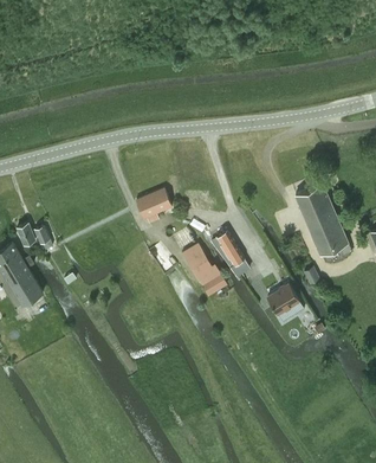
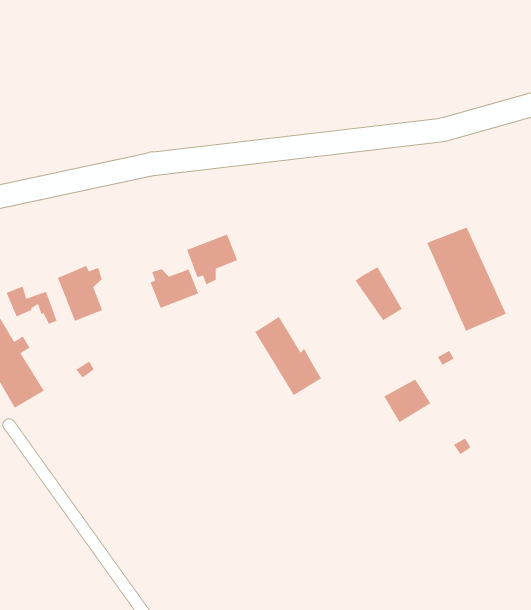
building: none -> [57,265,103,322]
building: none -> [149,268,199,309]
building: [210,232,242,269] -> [355,266,403,322]

